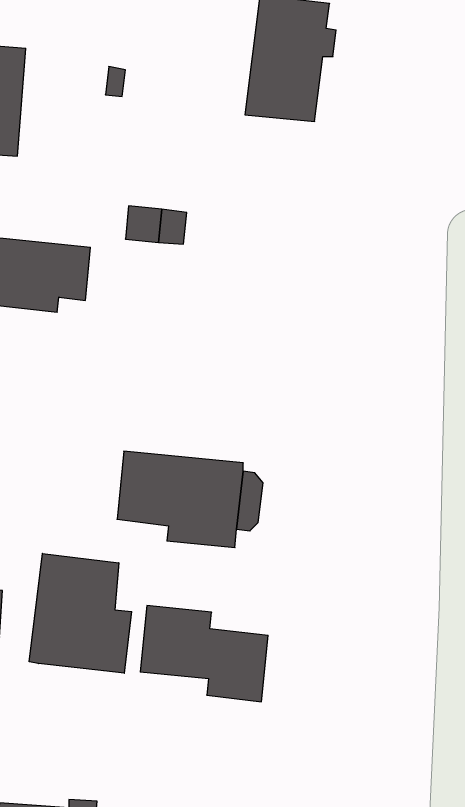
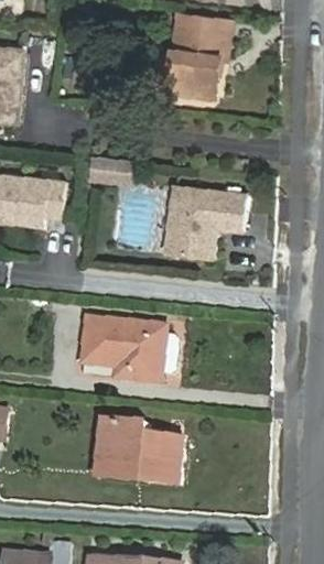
building: none -> [163,185,246,259]
building: [29,553,132,673] -> none

